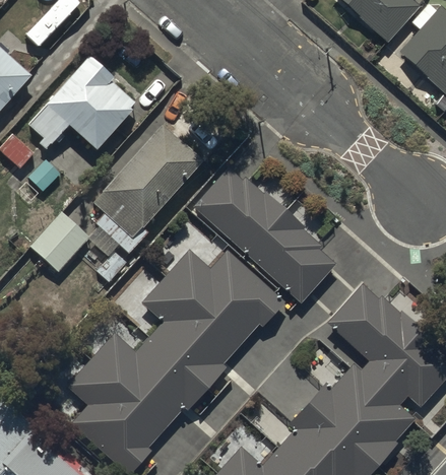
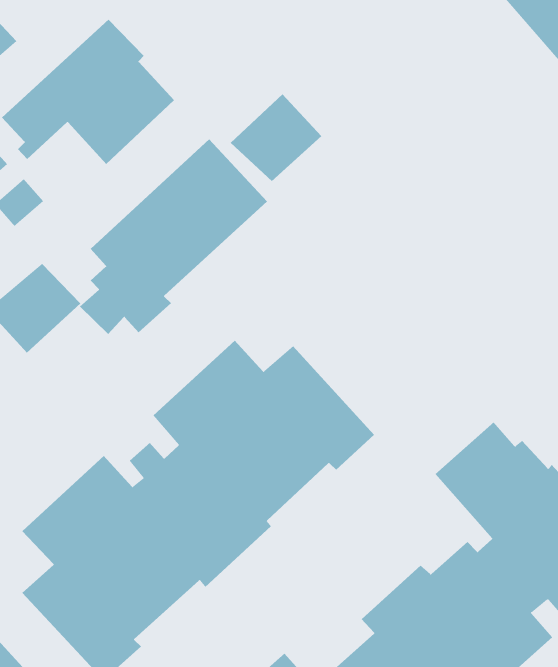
building: none -> [230,93,322,182]
building: [194,167,335,302] -> none

